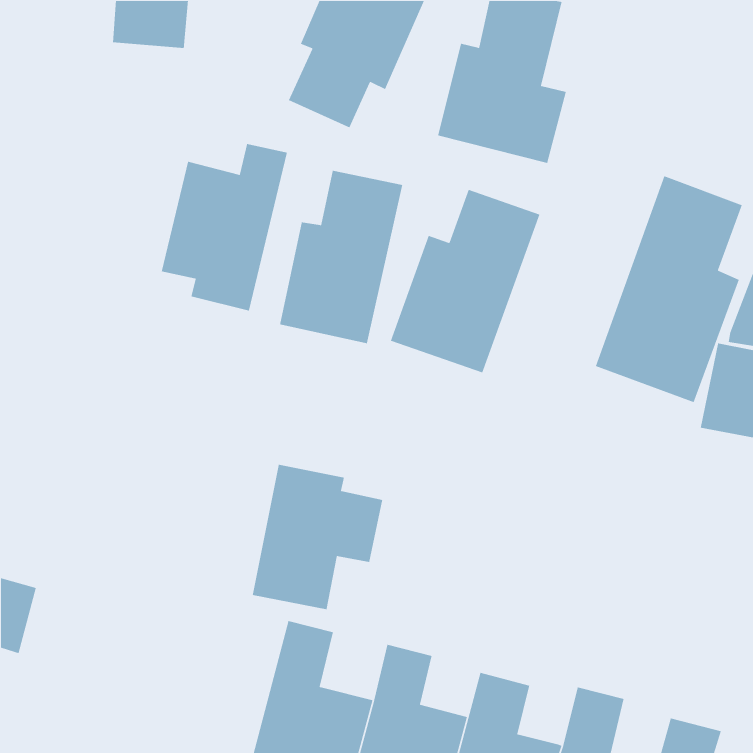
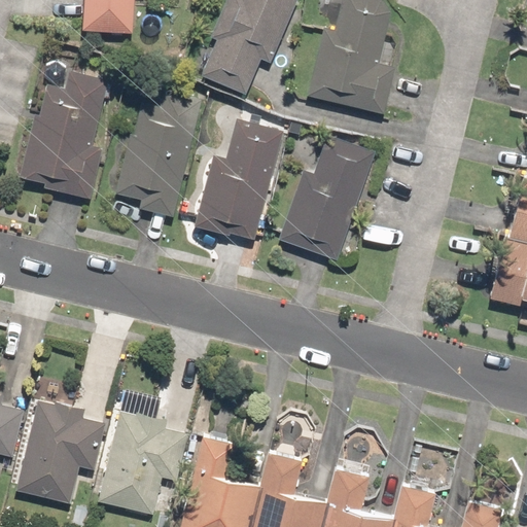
building: none -> [22,71,109,203]
building: [595,175,743,403] -> none
building: [252,464,383,610] -> [98,412,189,514]
building: none -> [11,397,107,504]

